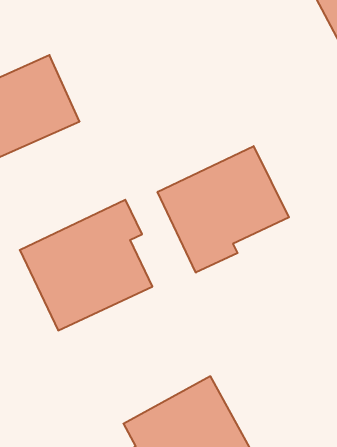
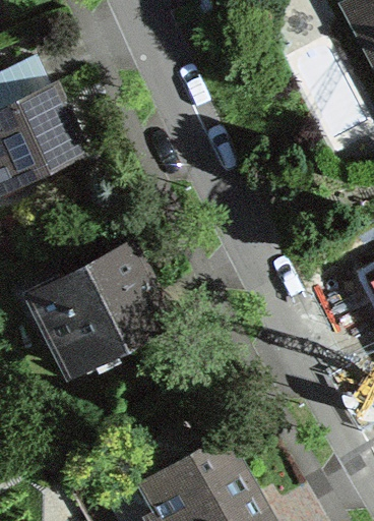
building: [158,146,289,273] -> none

